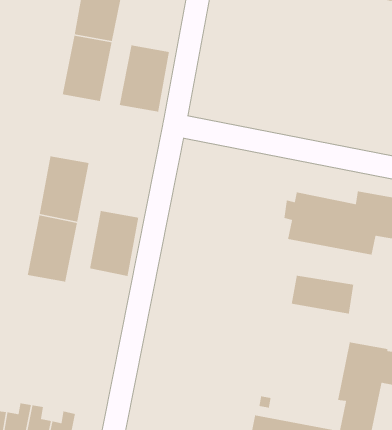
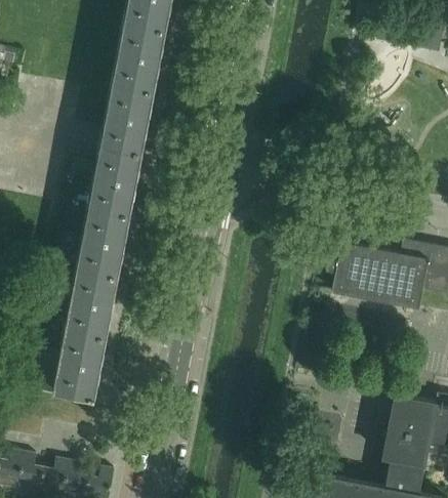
building: [119,44,170,112] -> [89,144,141,214]
building: [89,210,139,277] -> [54,330,106,399]
building: [291,275,354,315] -> none

